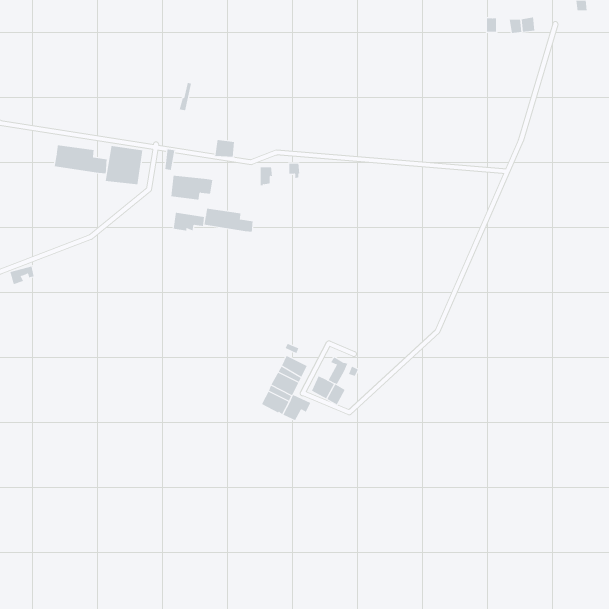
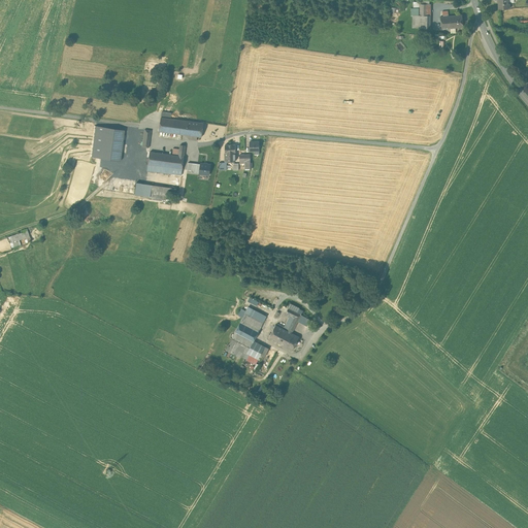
building: none -> [159,111,188,135]
building: [54,144,107,174] -> none
building: [204,208,253,233] -> none

